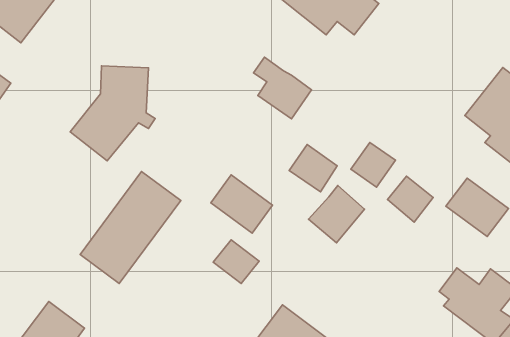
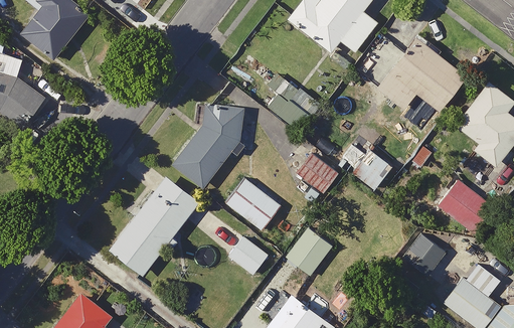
building: none -> [359,39,465,111]
building: [70,66,155,161] -> [170,103,246,188]
building: [387,176,433,222] -> [403,234,445,276]
building: [309,186,365,243] -> [285,225,335,277]

